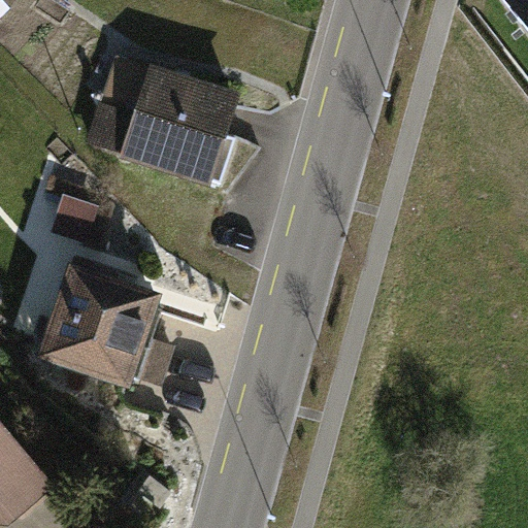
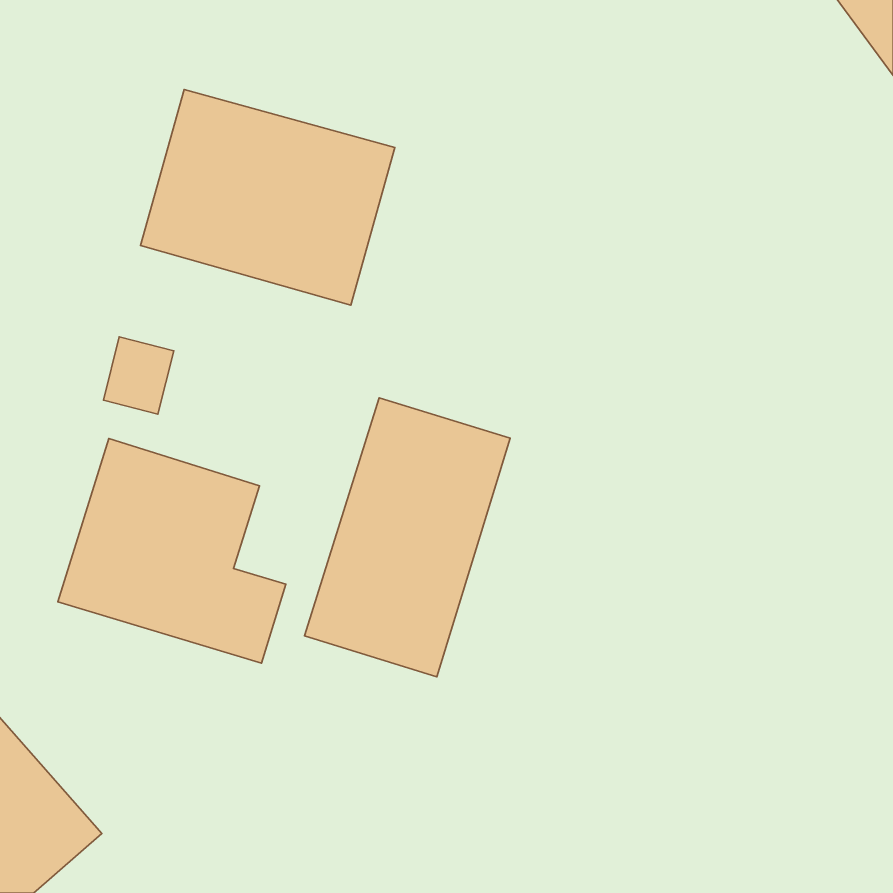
building: none -> [304,398,510,677]

